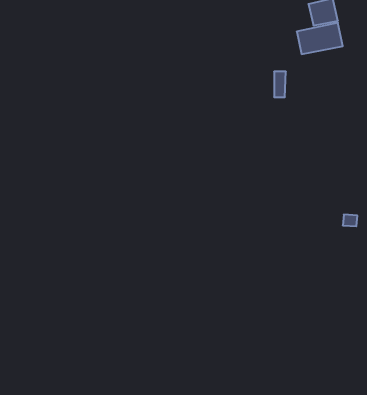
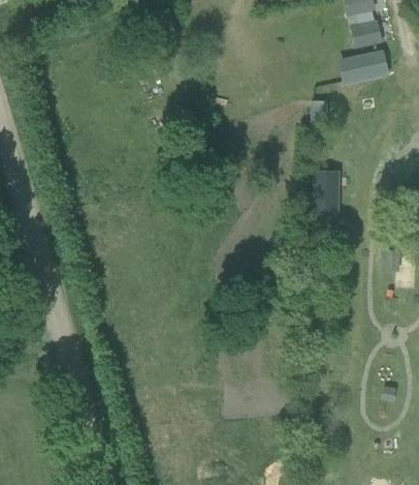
building: none -> [315,172,339,220]

